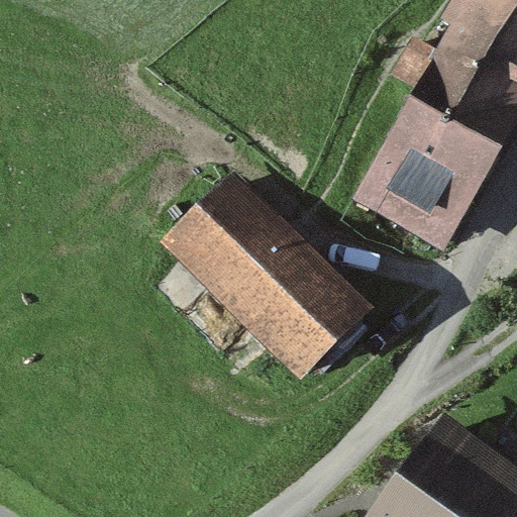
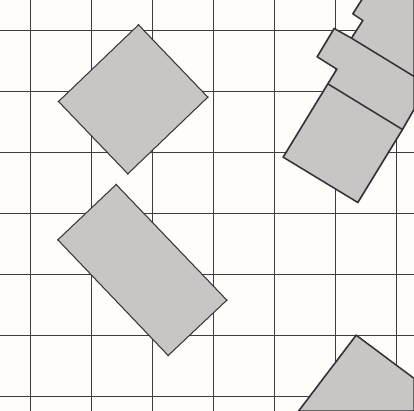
building: none -> [59,25,208,174]
building: [165,172,375,384] -> [58,185,227,356]

